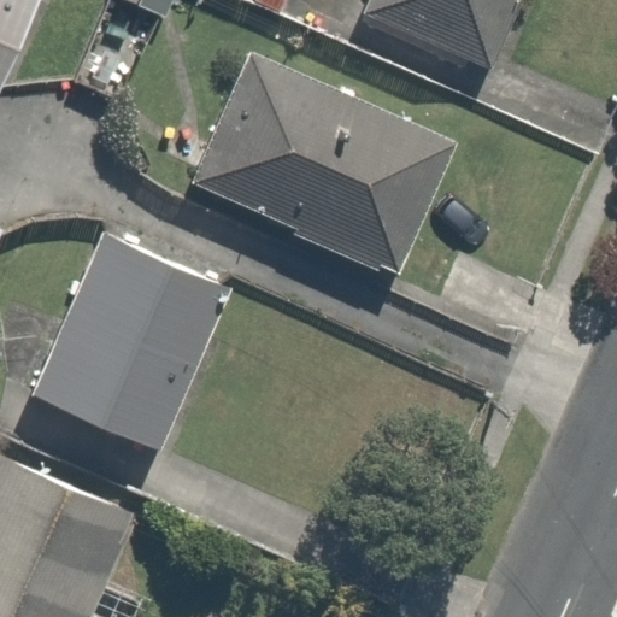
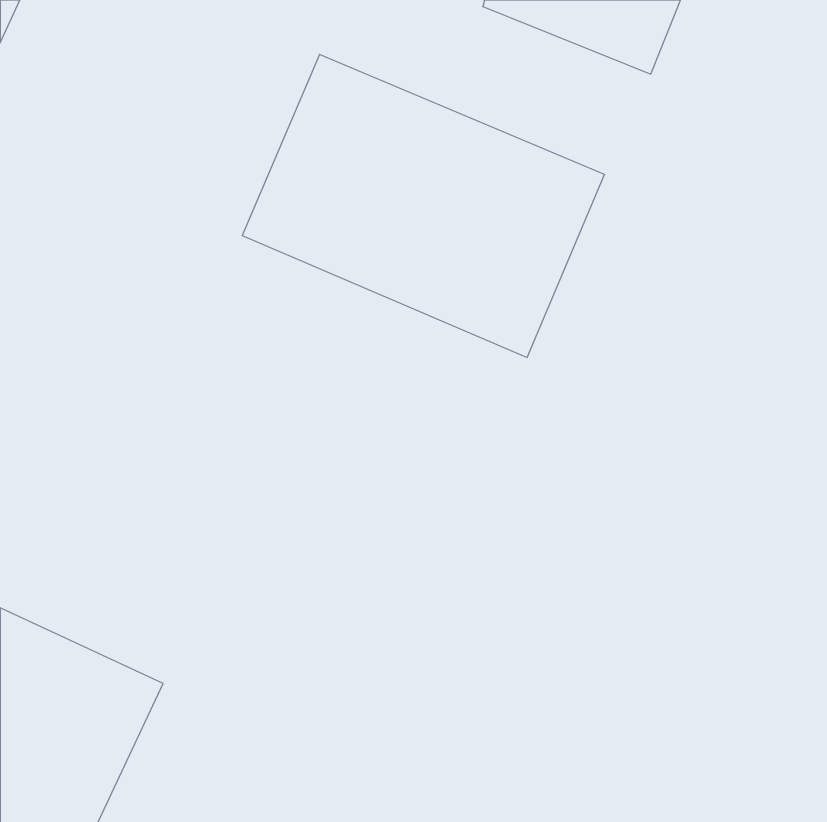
building: [30,223,247,453] -> none

